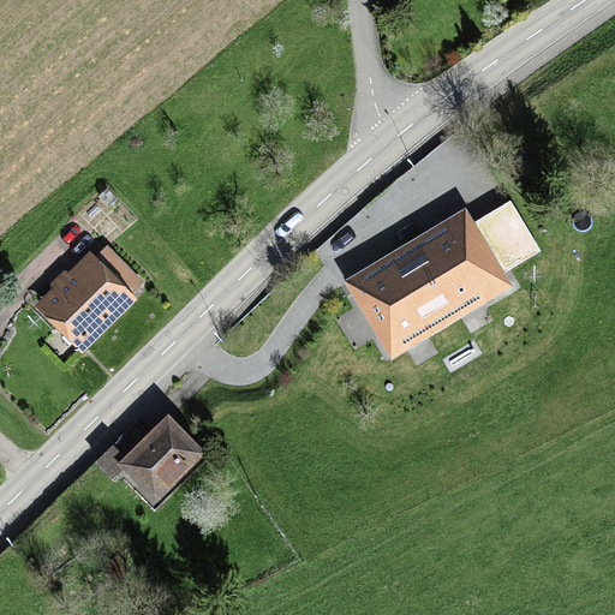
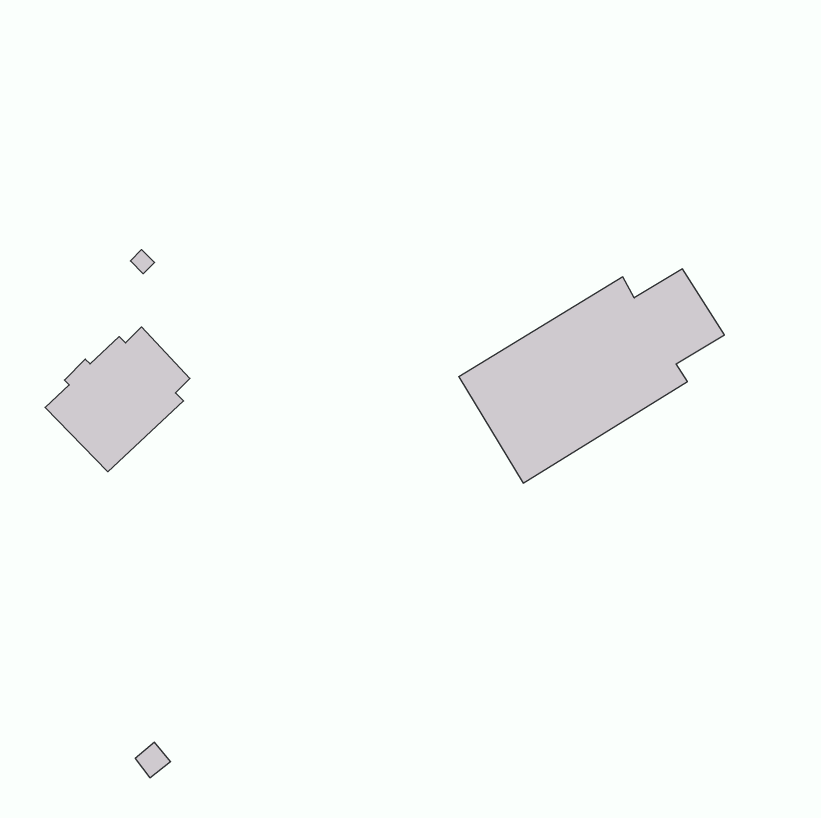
building: [95,414,205,503] -> none

